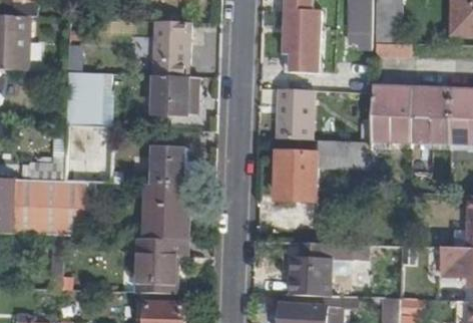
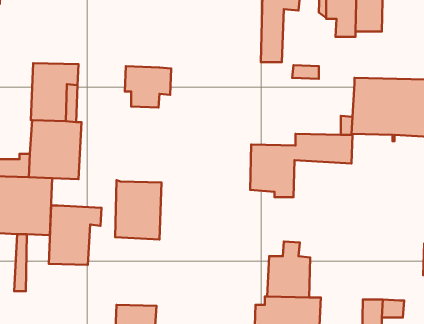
building: [152,22,190,77] -> none
building: [277,88,314,139] -> none
building: [150,147,198,187] -> none
building: [137,239,187,295] -> [49,206,102,265]

